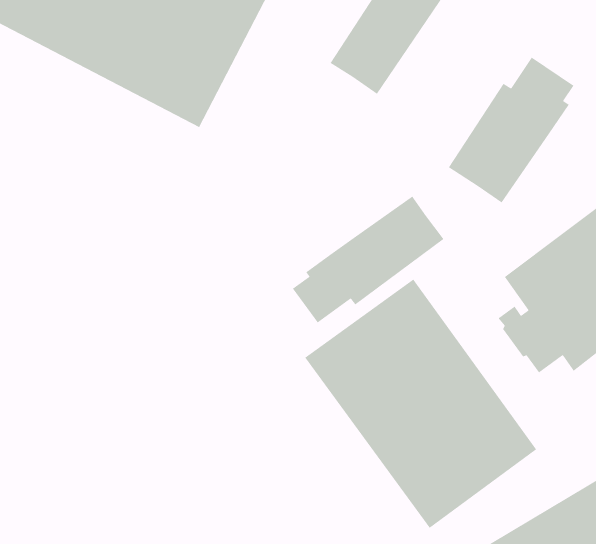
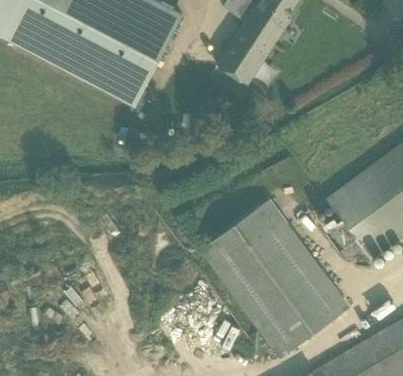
building: [448,57,575,203] -> none
building: [292,195,444,324] -> none

